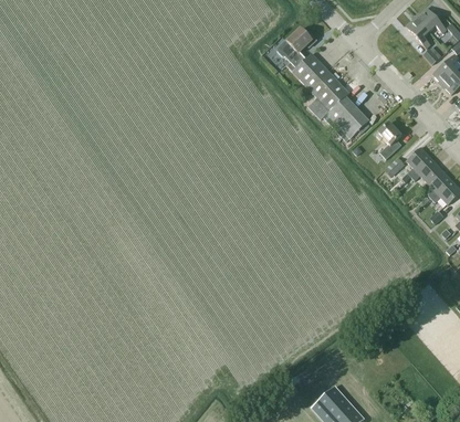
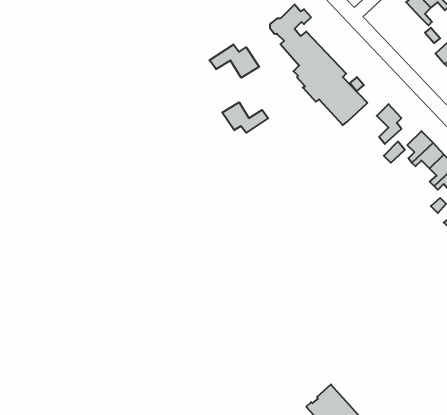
building: none -> [209,44,259,78]
building: none -> [222,102,268,133]

